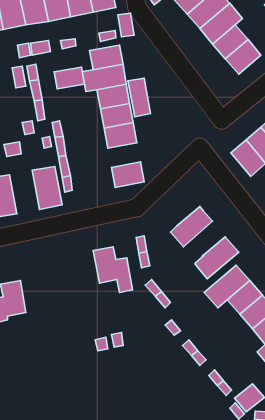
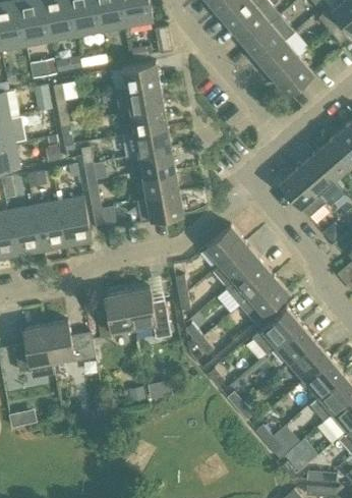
building: [54,67,85,89] -> none
building: [128,78,150,117] -> none
building: none -> [142,172,179,200]
building: none -> [33,203,66,252]
building: none -> [204,225,245,265]
building: none -> [225,260,274,307]
building: none -> [96,292,133,339]
building: none -> [45,322,86,363]

